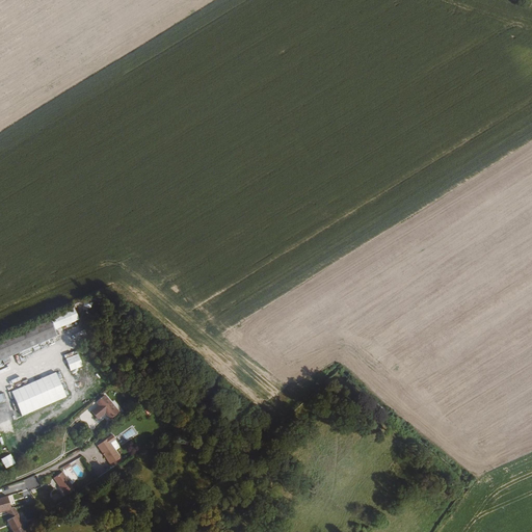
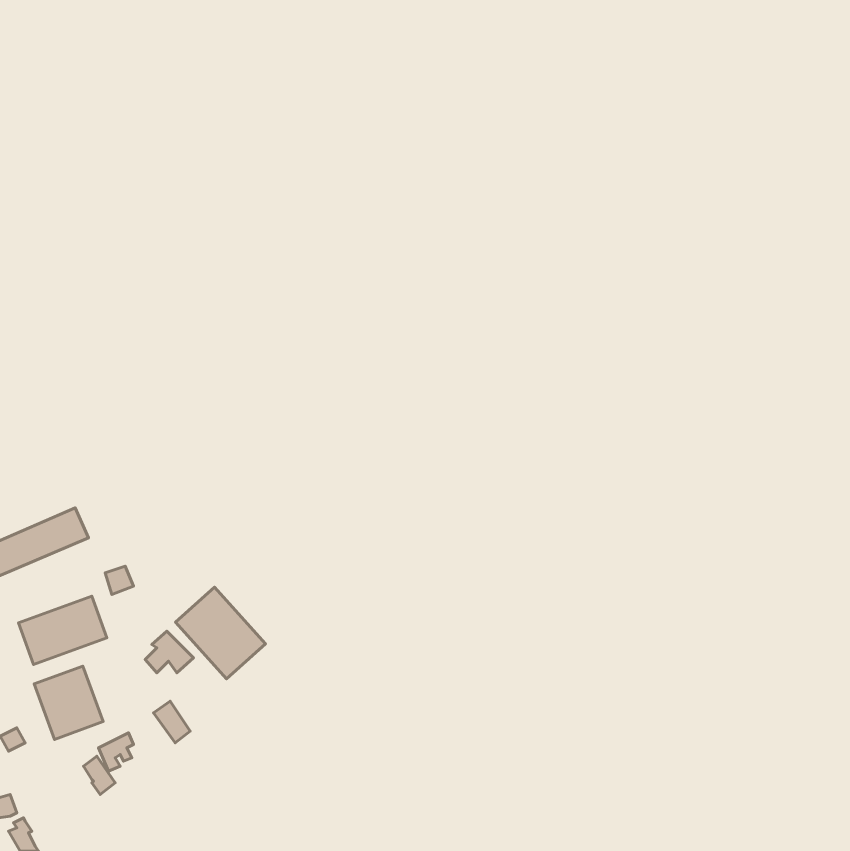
building: none -> [176,587,265,679]
building: none -> [34,666,103,739]

